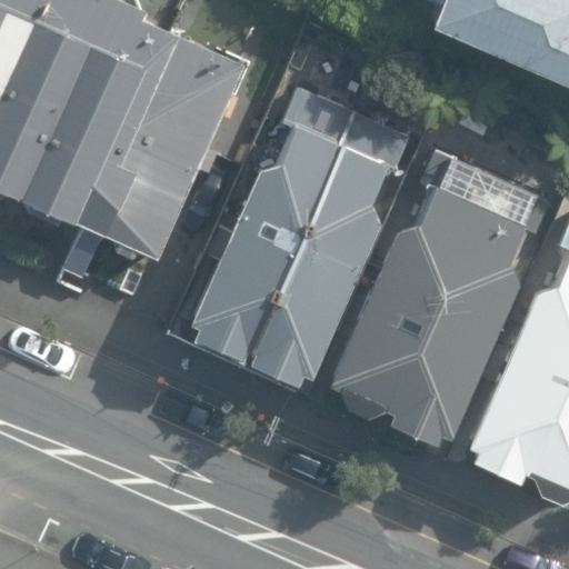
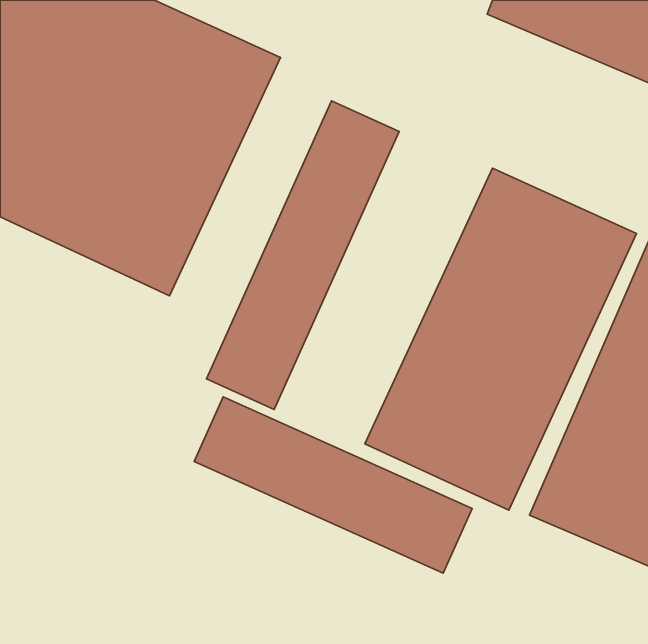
building: [242,121,409,389] -> none
building: none -> [194,397,472,573]

